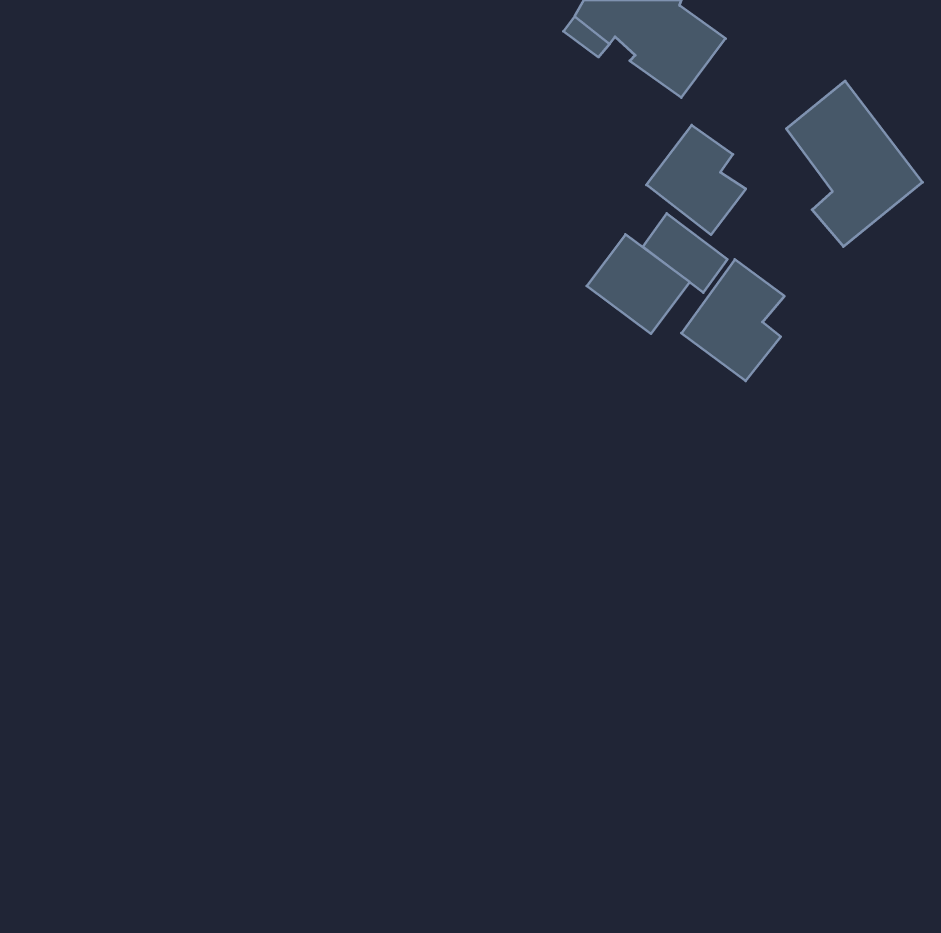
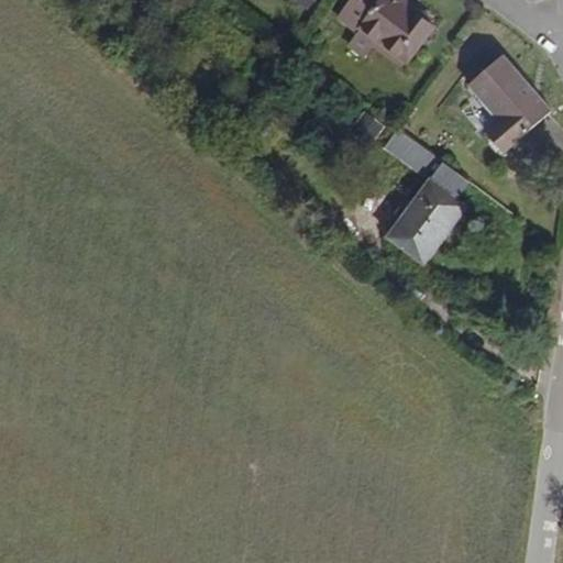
building: [646,125,746,235] -> none
building: [587,234,690,334] -> [384,203,445,263]

